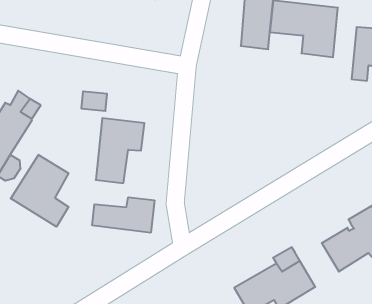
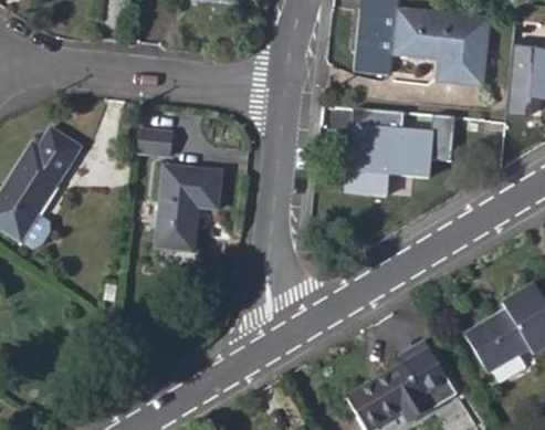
building: none -> [343,109,453,196]
building: [11,155,69,227] -> none
building: [92,197,154,233] -> none

